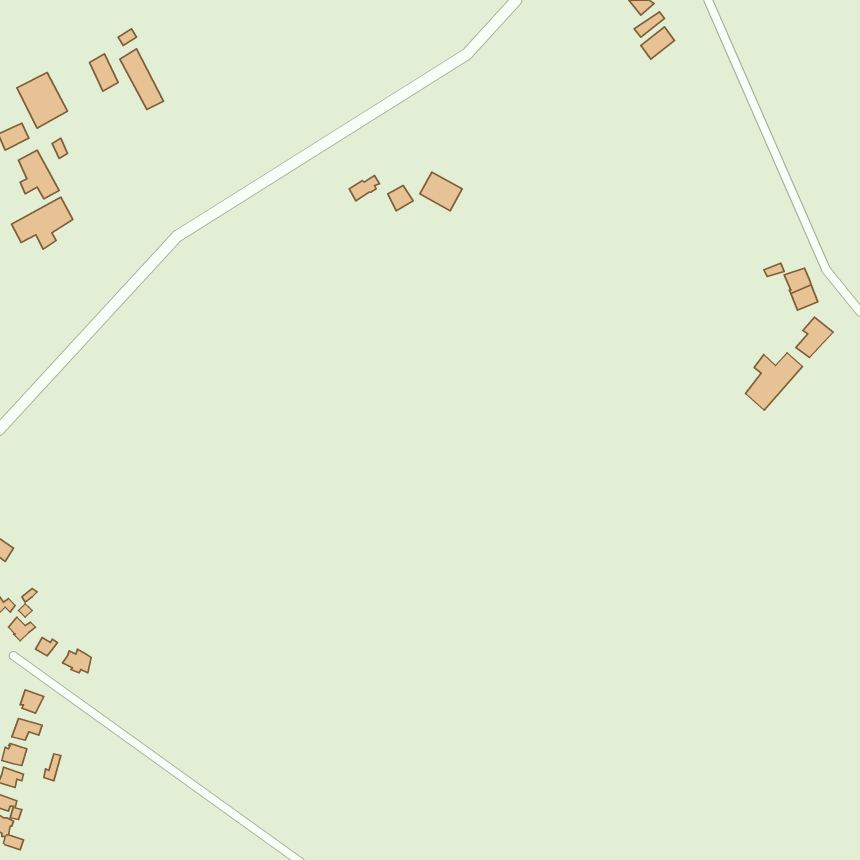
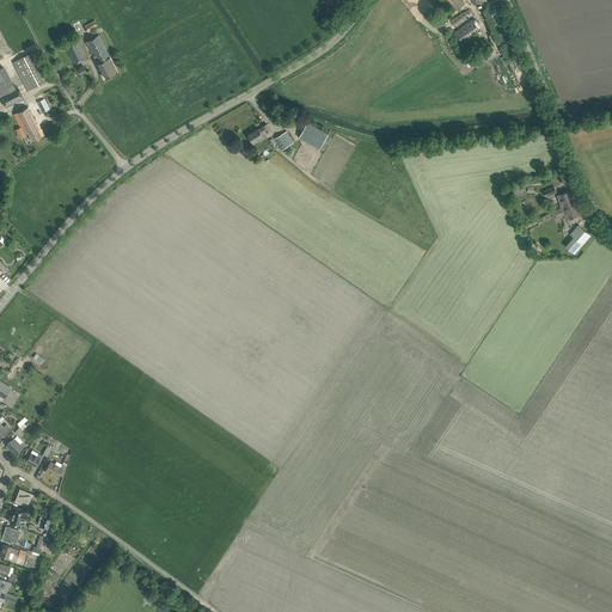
building: [11,197,73,249] -> none
building: [745,353,803,410] -> none

